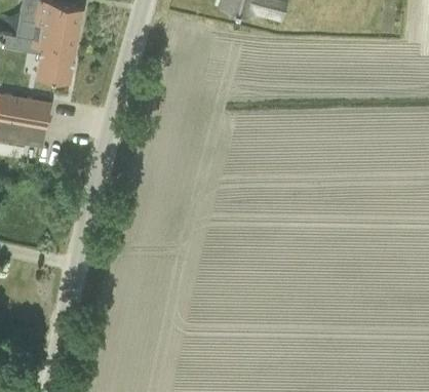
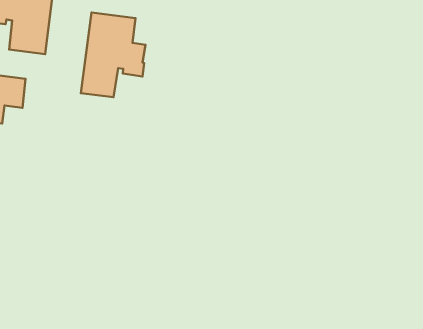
building: none -> [81,12,146,97]

